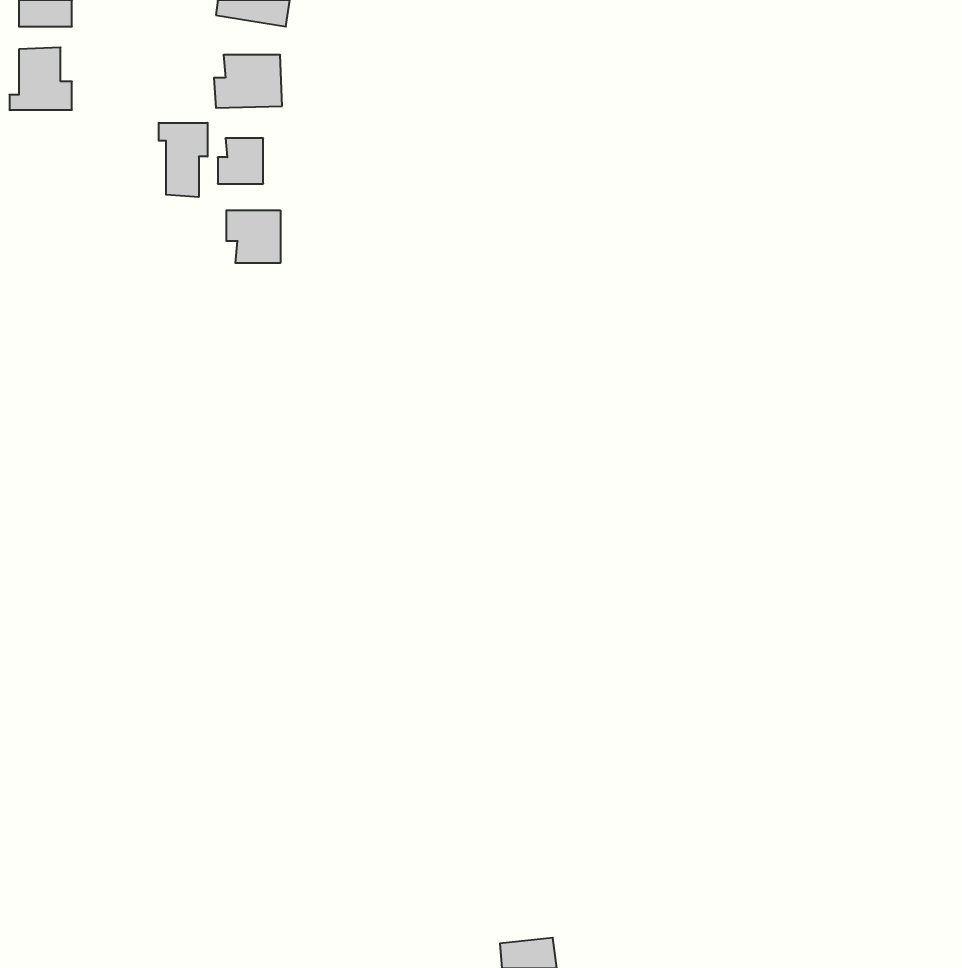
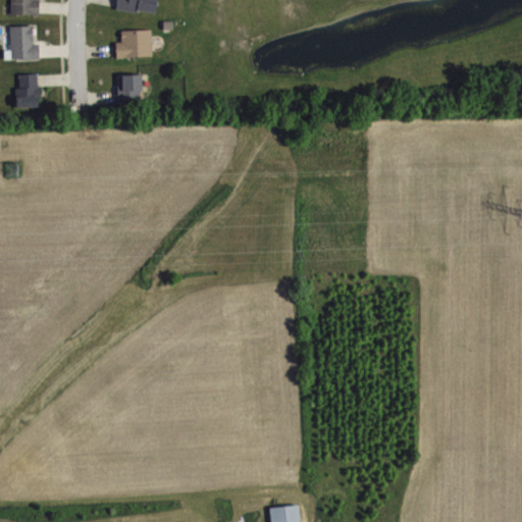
building: [159,123,208,197] -> none
building: none -> [15,73,39,108]
building: [226,210,280,263] -> none

